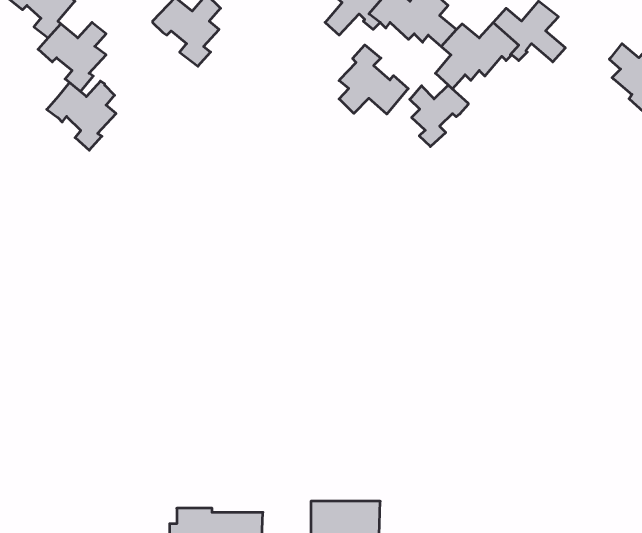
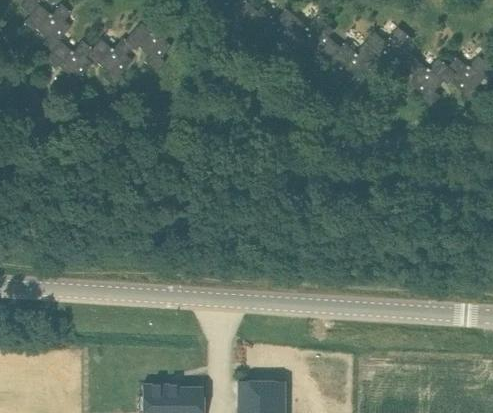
building: [339,45,408,114] -> none
building: none -> [408,57,456,107]
building: [47,81,116,150] -> [84,38,133,87]
building: [410,85,468,147] -> none

